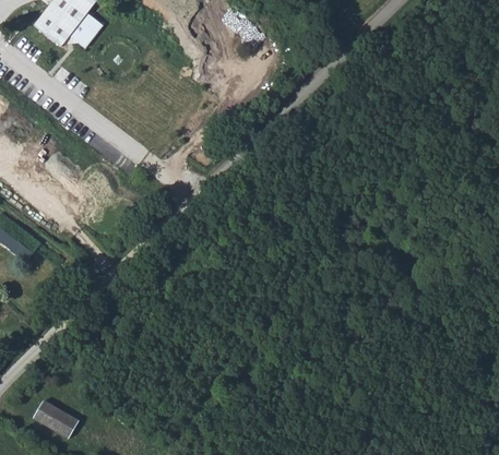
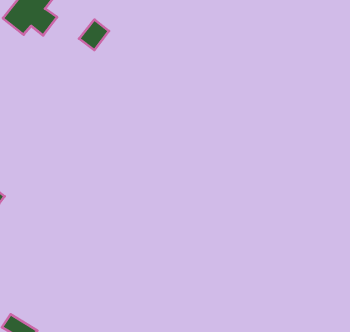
building: none -> [79,20,109,50]

